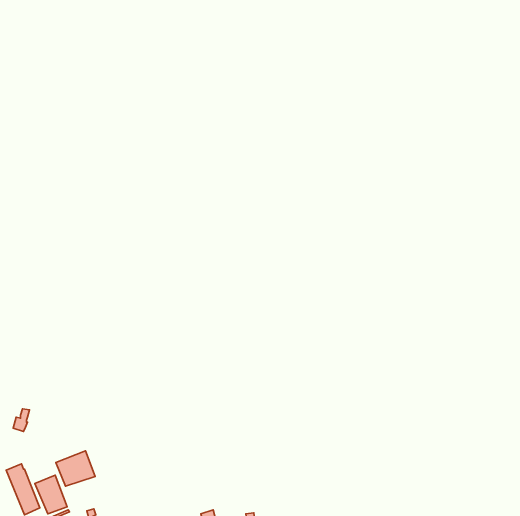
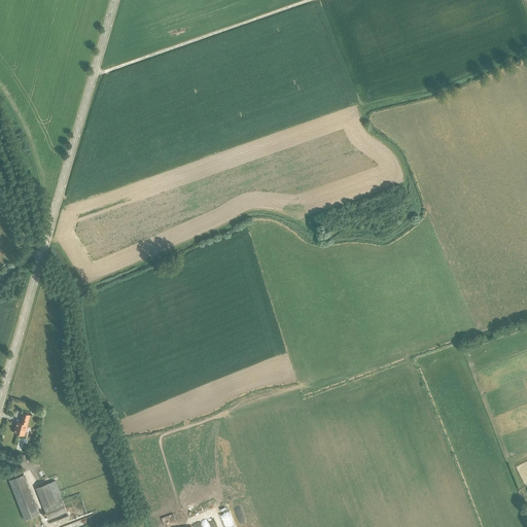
building: [56,451,95,486] -> none

